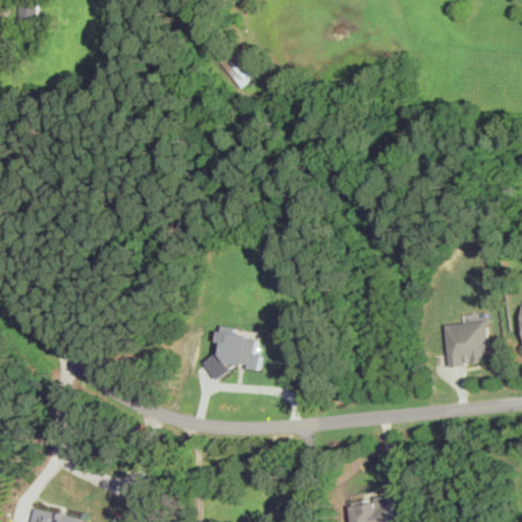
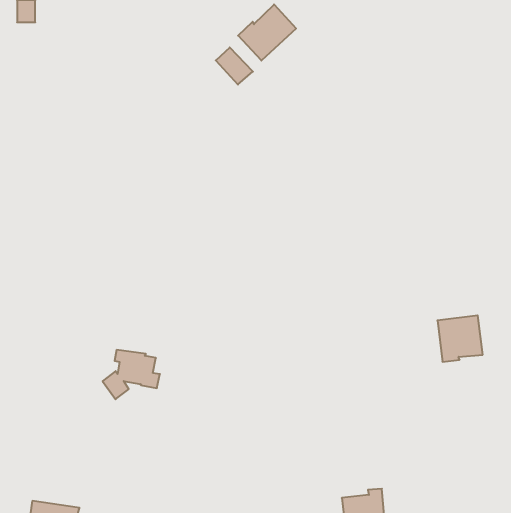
building: none -> [238,4,296,61]
building: [201,330,259,380] -> [103,350,160,399]

